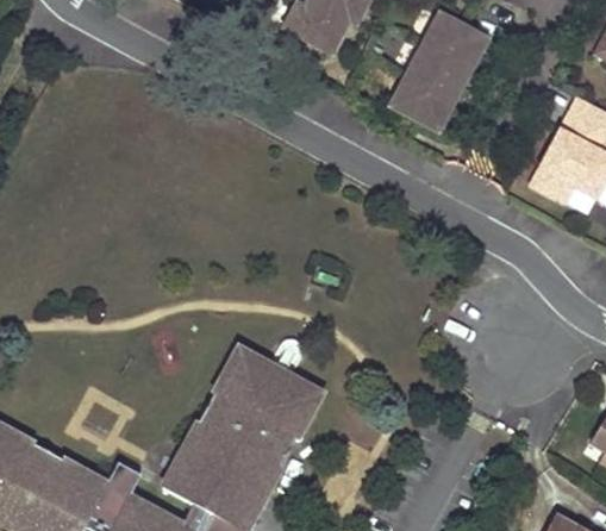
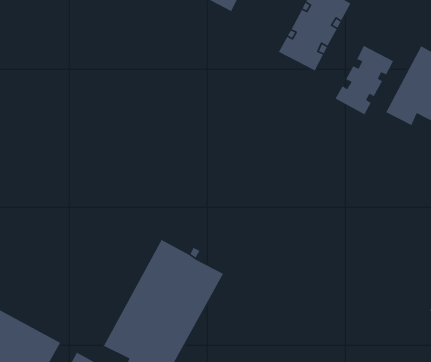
building: none -> [335,45,394,116]

